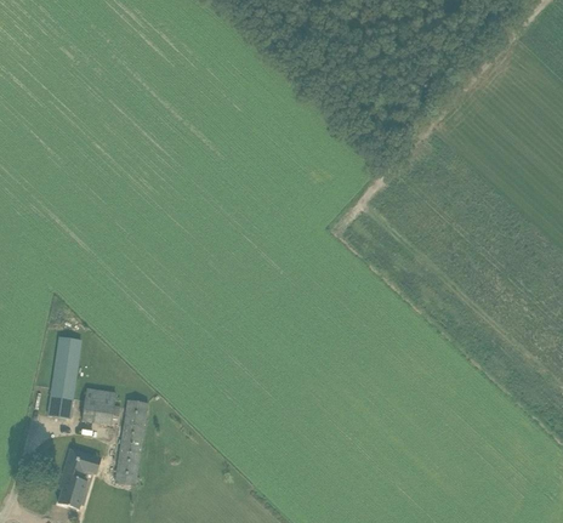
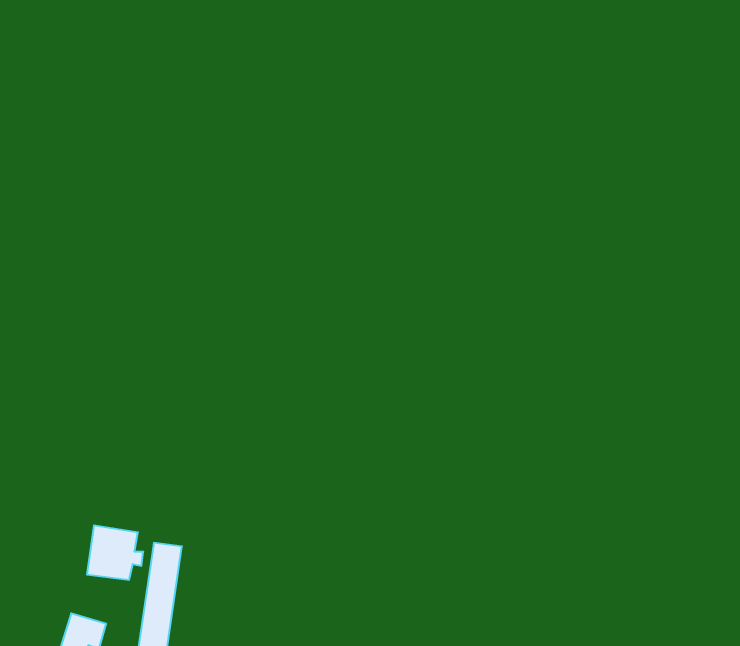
building: [47,336,81,417] -> none

